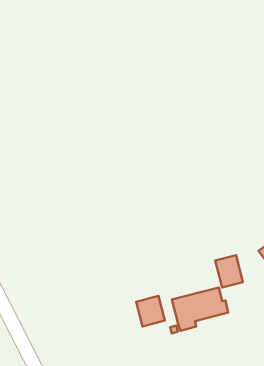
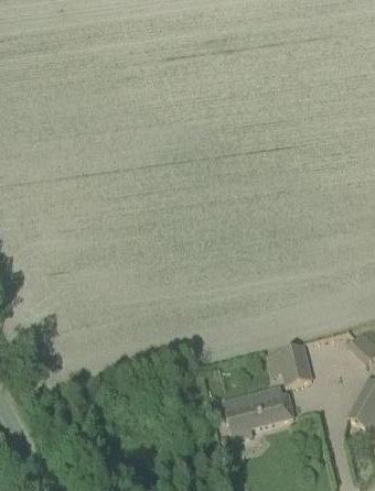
building: [136,296,165,327] -> none

